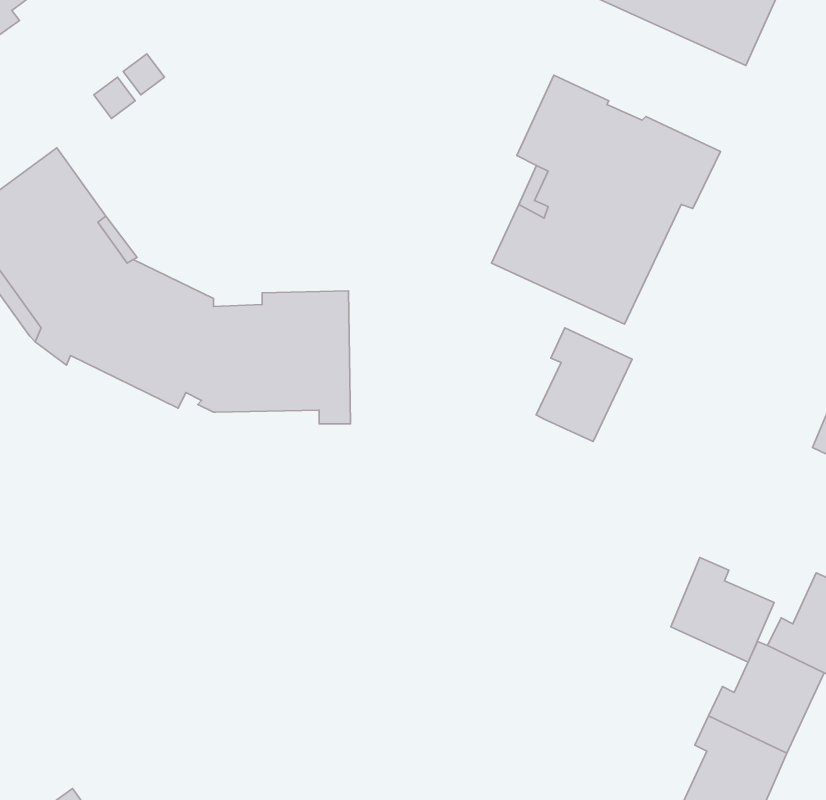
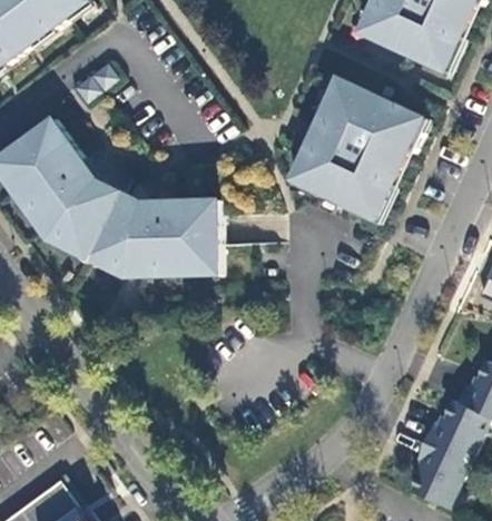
building: [536,328,632,441] -> none
building: none -> [58,236,201,277]
building: [671,558,774,662] -> none

